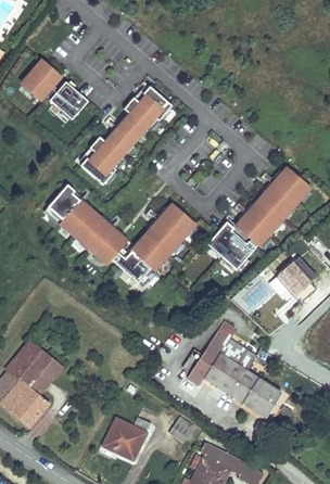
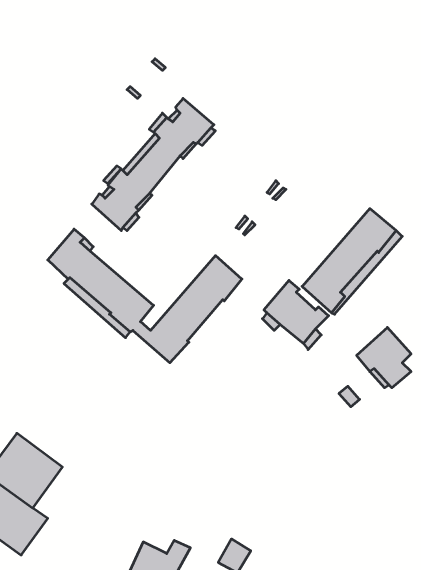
building: [22,61,60,100] -> none
building: [49,82,88,120] -> none
building: [194,321,290,418] -> none

